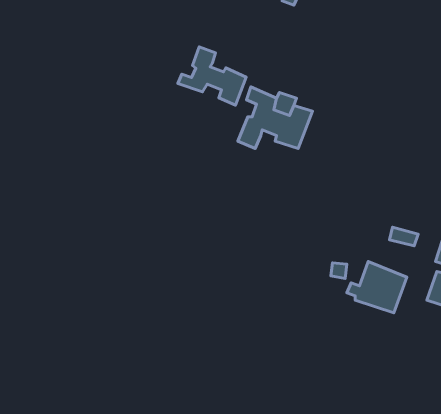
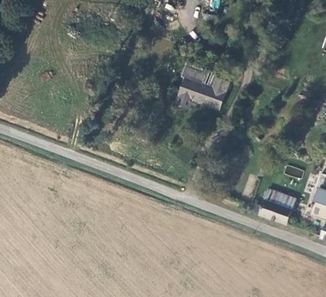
building: [178,47,246,105] -> none

